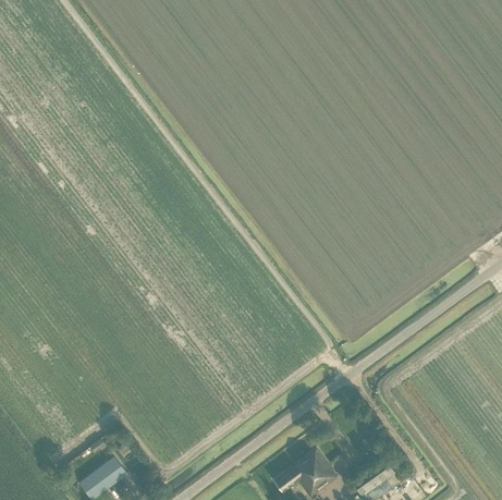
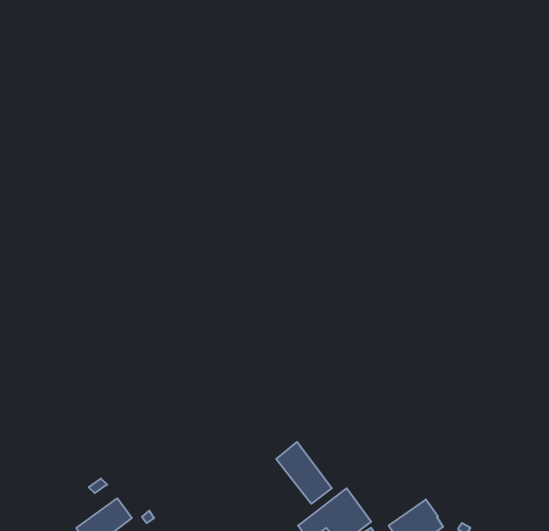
building: none -> [276,442,332,504]

